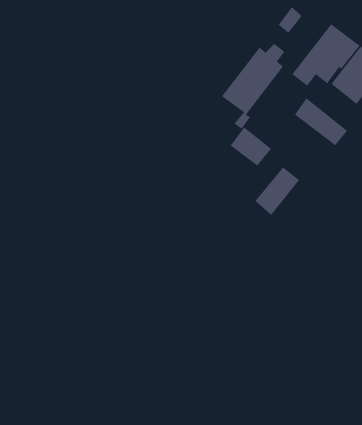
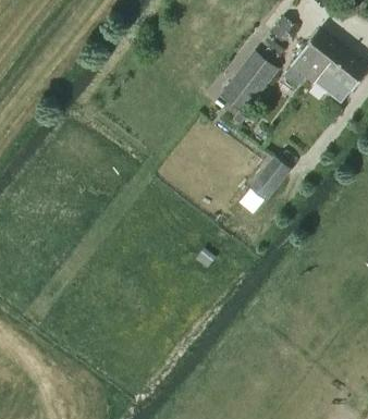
building: [294,98,348,146] -> none
building: [230,127,272,167] -> none

